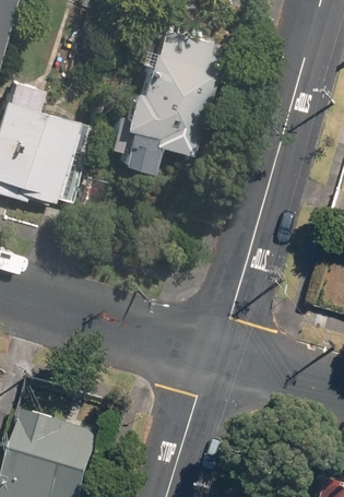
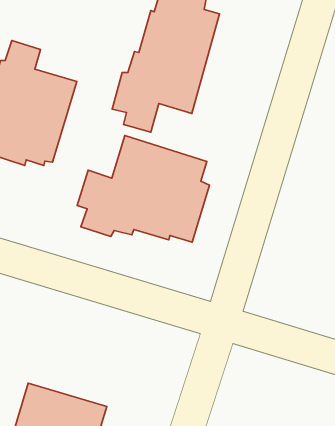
building: none -> [77,135,209,242]

